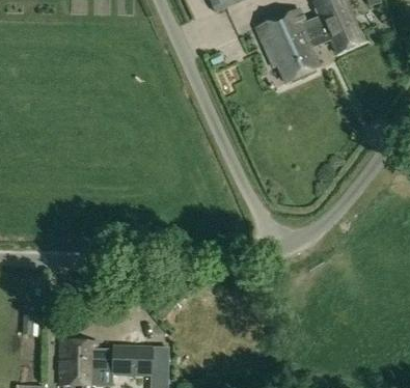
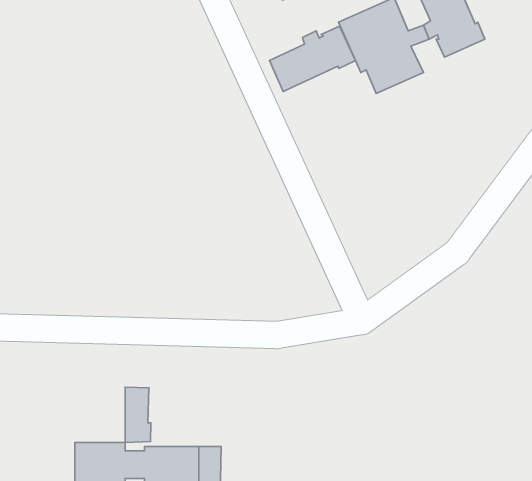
building: none -> [269,26,355,91]
building: none -> [125,387,151,442]

